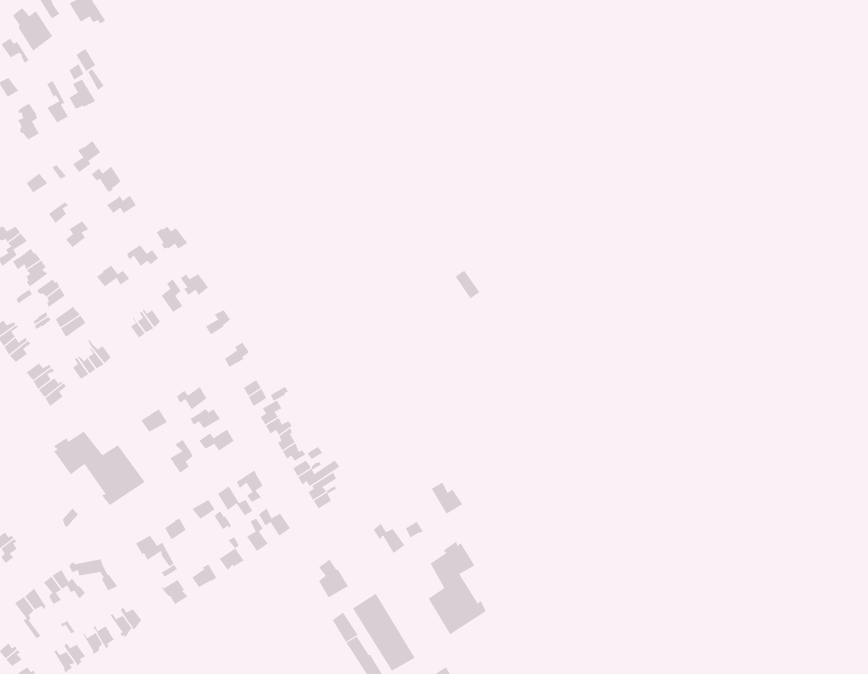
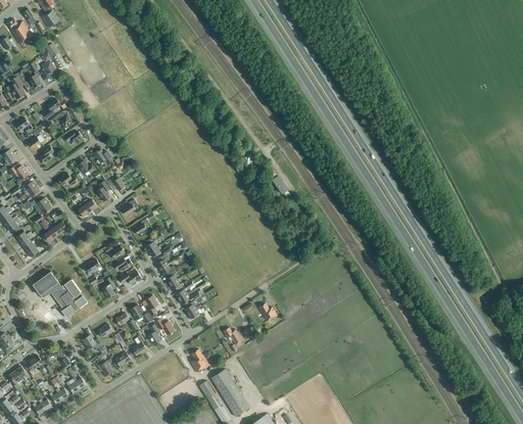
building: [428,541,487,635] -> none

